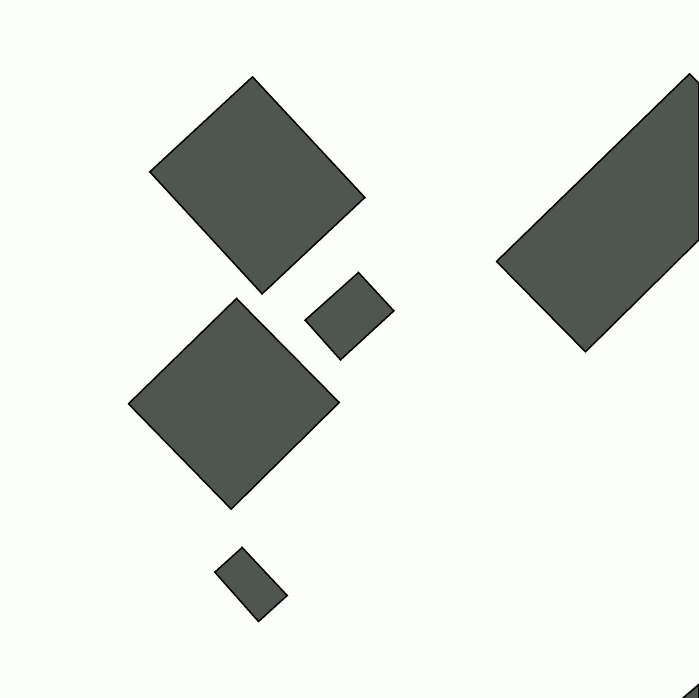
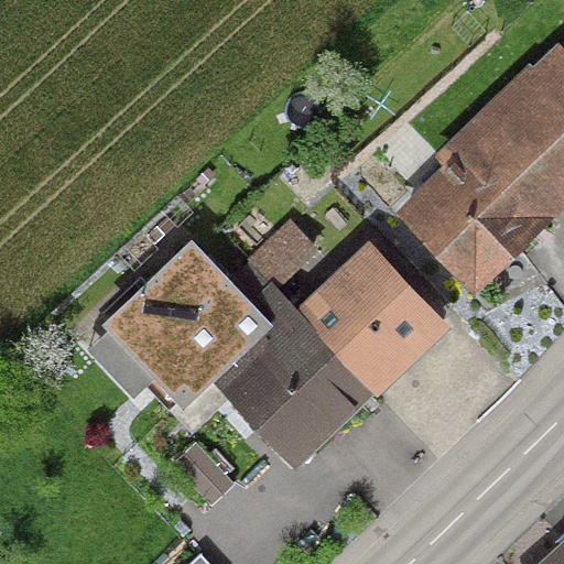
building: [150,77,365,294] -> none
building: none -> [225,257,432,457]

